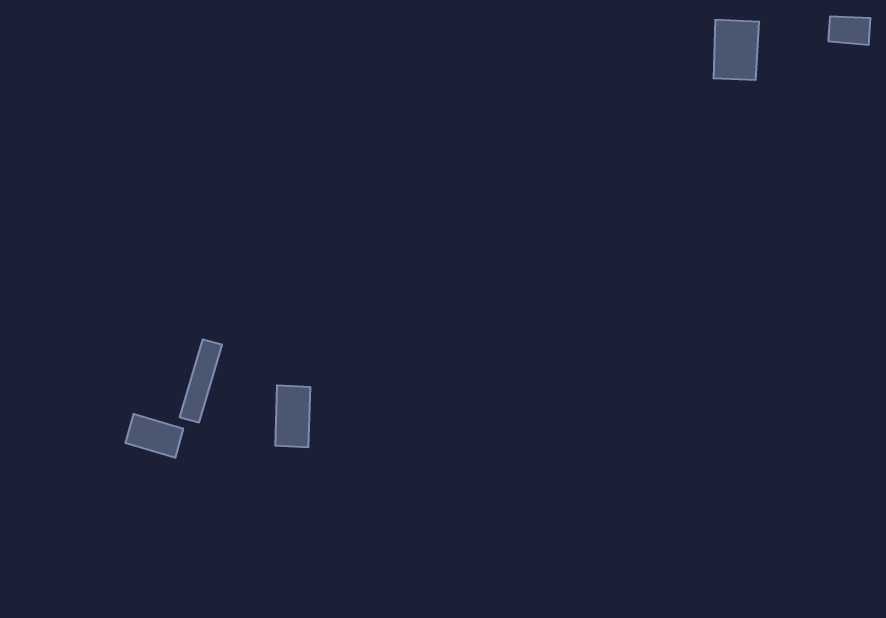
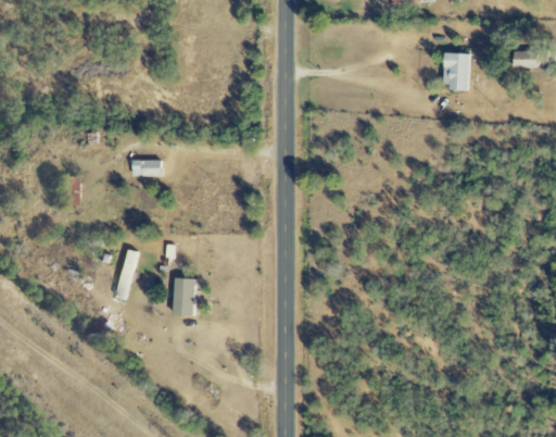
building: none -> [131,159,162,176]
building: [126,414,183,458] -> none

